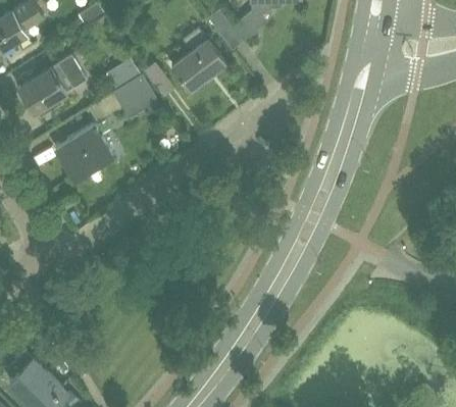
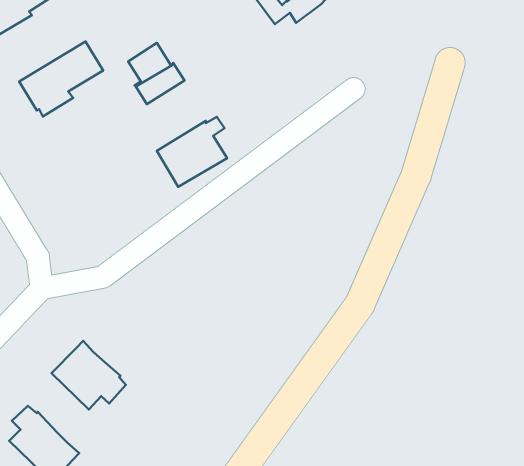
building: [171,30,225,92] -> none
building: [55,121,112,179] -> [157,117,227,187]
building: none -> [52,341,126,409]

